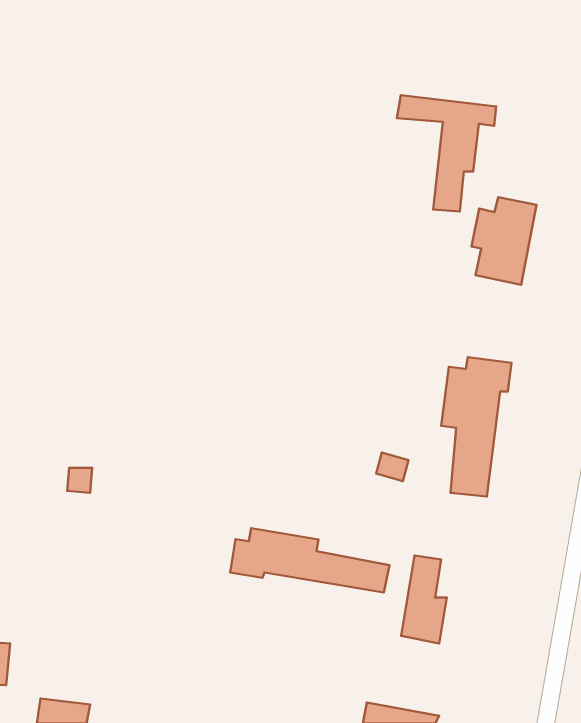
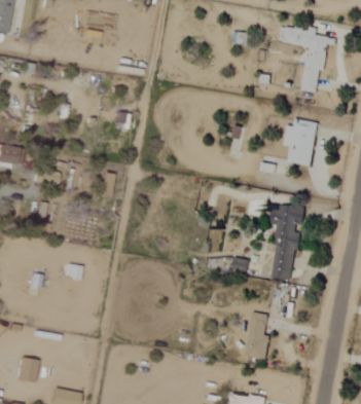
building: [397,95,496,212] -> [284,29,337,91]
building: [230,528,389,592] -> none

